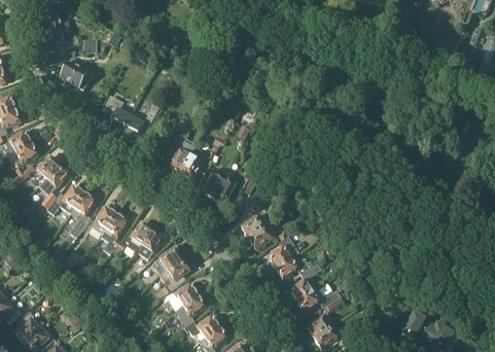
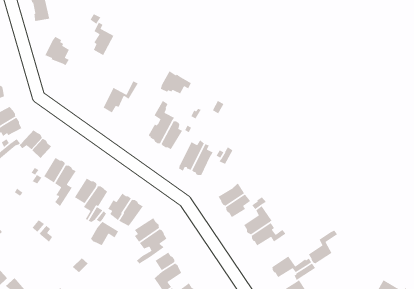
building: none -> [160,70,192,94]
building: [110,97,133,133] -> [93,22,114,56]
building: none -> [90,221,119,246]
building: [290,262,322,300] -> [308,229,338,265]

